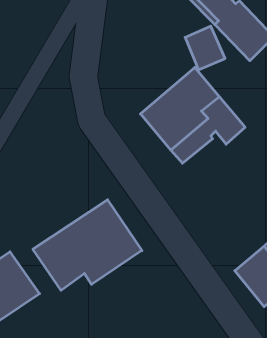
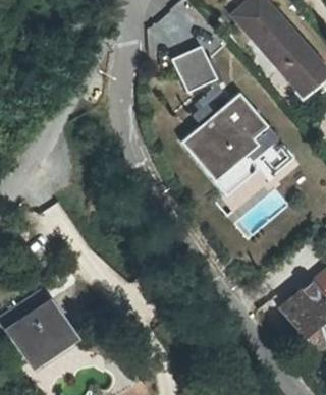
building: [185,26,225,70] -> [174,48,217,95]
building: [33,200,142,290] -> none

